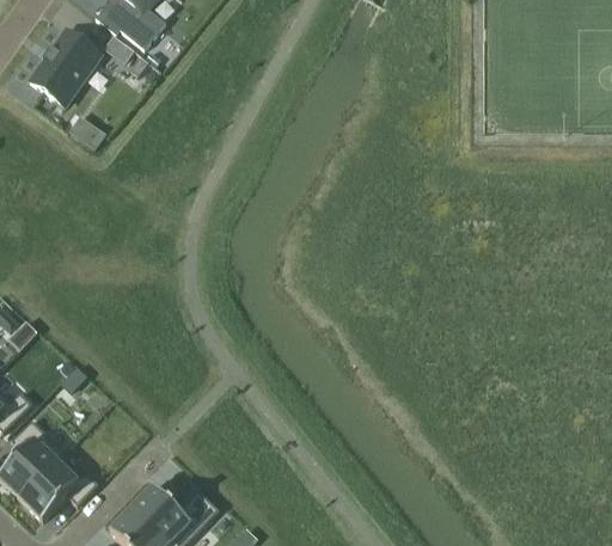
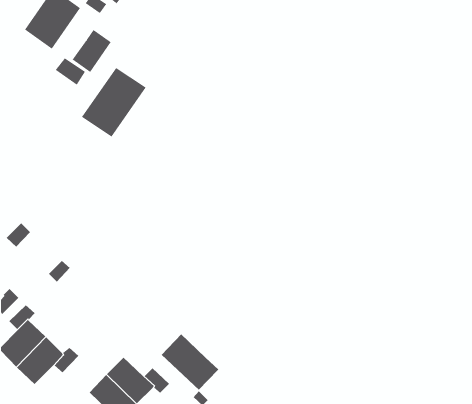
building: none -> [72,29,112,73]
building: none -> [81,67,147,137]
building: none -> [161,334,219,391]

